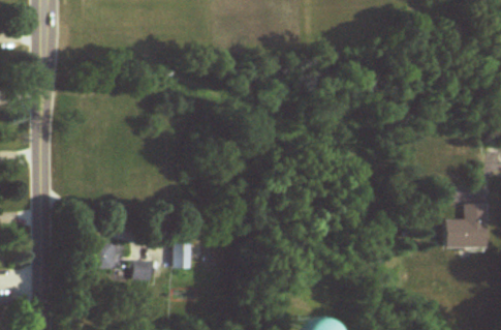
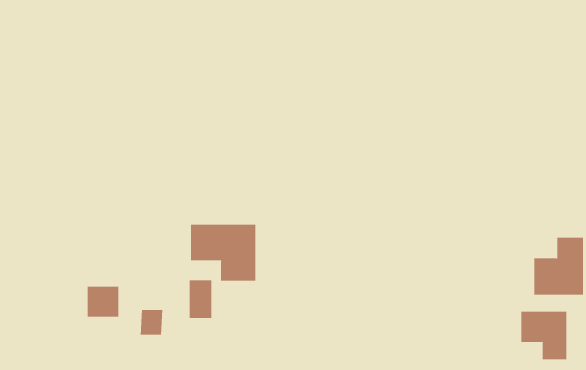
building: none -> [190,224,256,282]
building: none -> [521,311,567,360]

